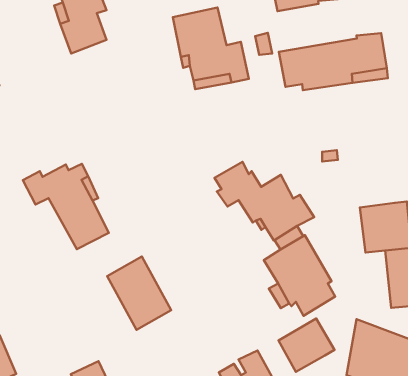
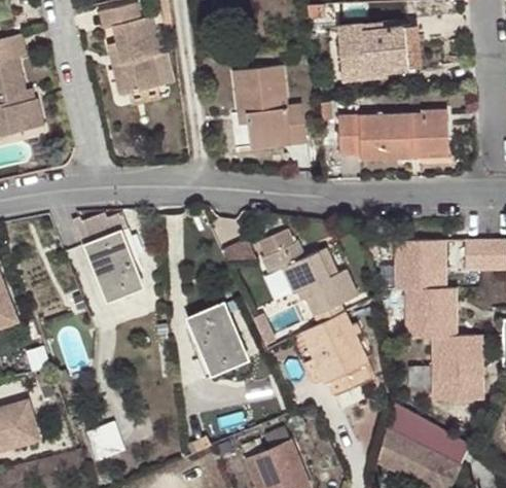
building: none -> [397,242,443,289]
building: [107,257,171,330] -> [186,302,249,377]
building: [279,319,335,372] -> none

